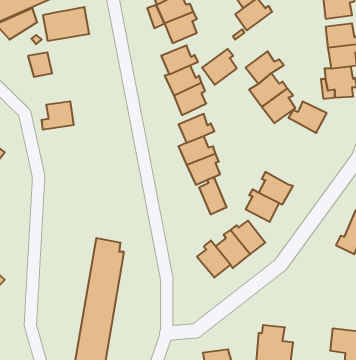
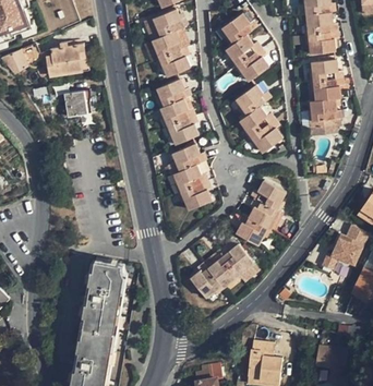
building: [202,49,237,85] -> [237,48,269,82]
building: [41,101,74,129] -> [60,92,91,118]
building: [288,102,327,133] -> [250,181,286,210]
building: [199,177,226,215] -> none

